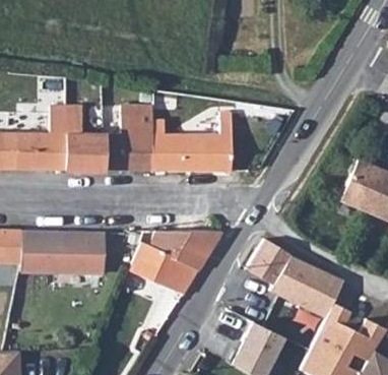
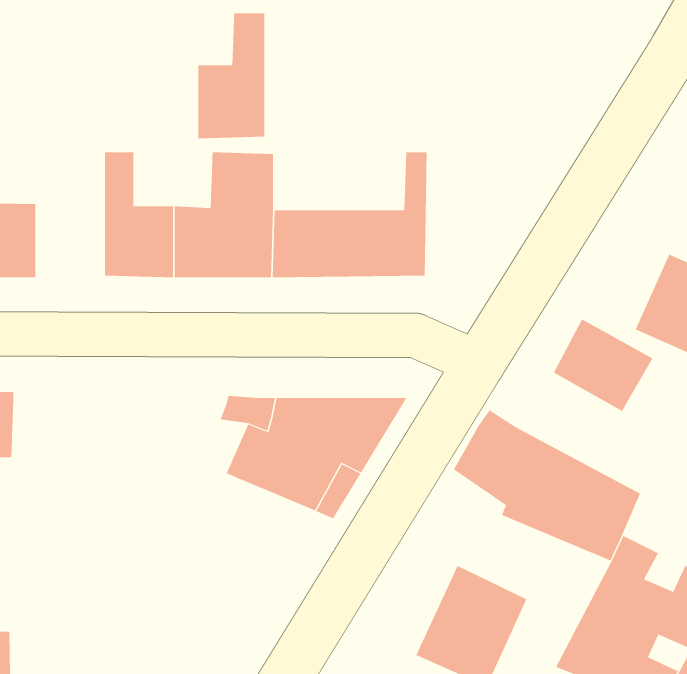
building: [34,107,68,171] -> [197,13,265,139]
building: none -> [553,319,653,412]
building: [21,233,106,274] -> none

